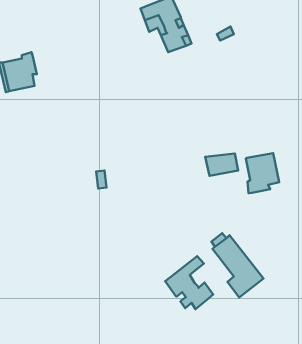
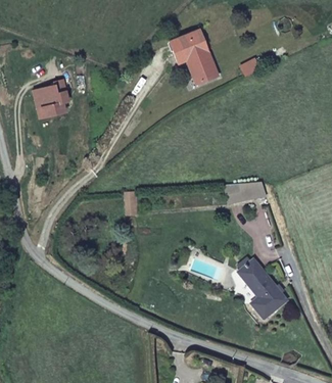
building: [246,153,279,193] -> none
building: [165,256,213,309] -> none

